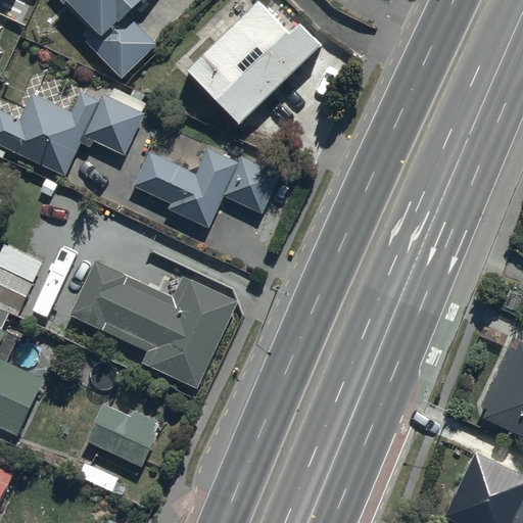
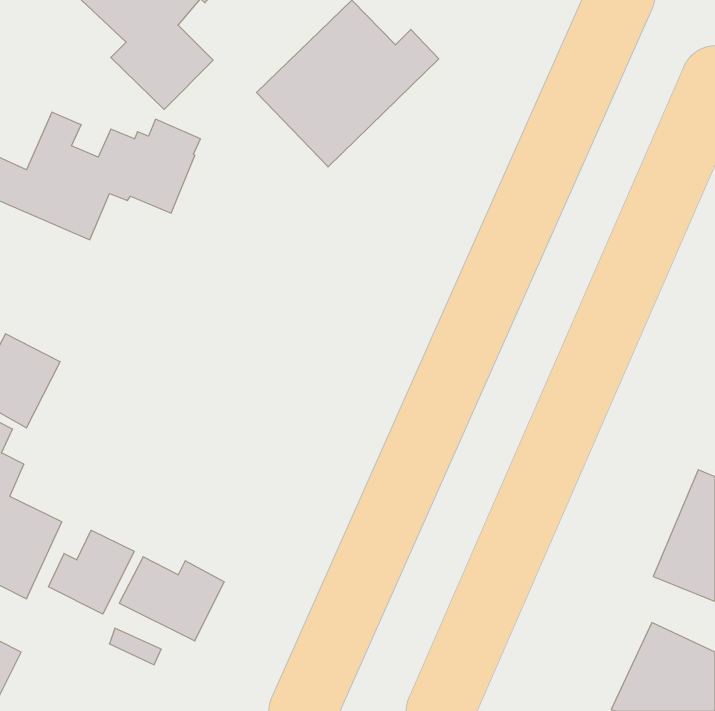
building: [134,149,280,229] -> none
building: [67,260,236,387] -> none
building: none -> [49,530,134,614]

